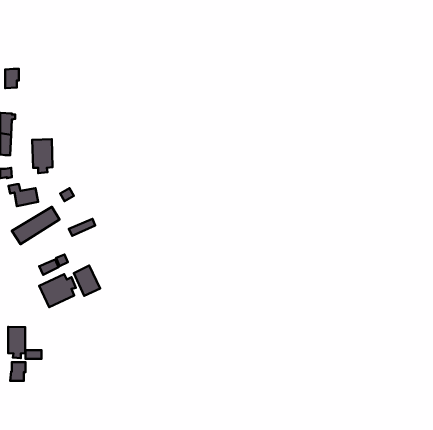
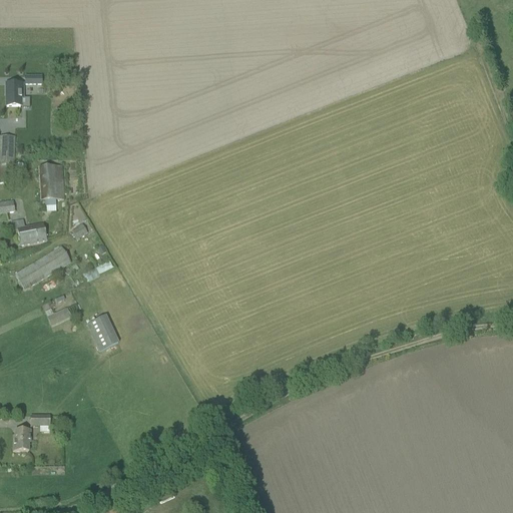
building: [39,274,76,307] -> none
building: [8,327,25,358] -> none

